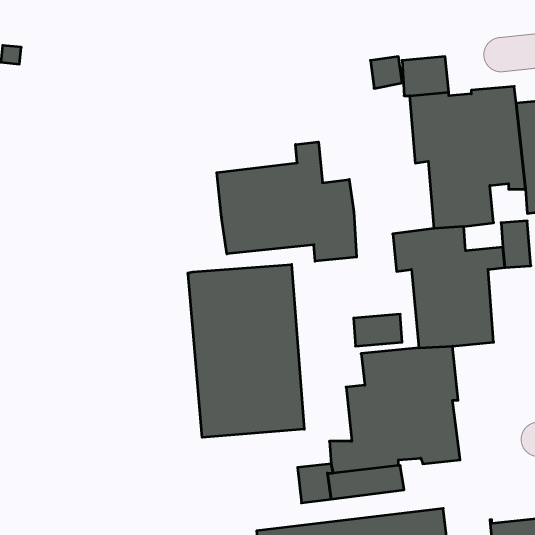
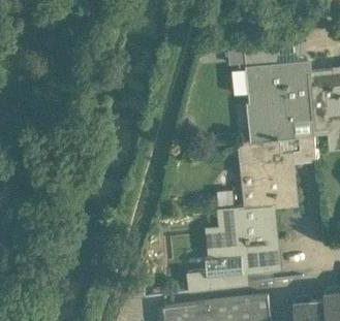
building: [217,142,357,261] -> none
building: [188,264,304,437] -> none

